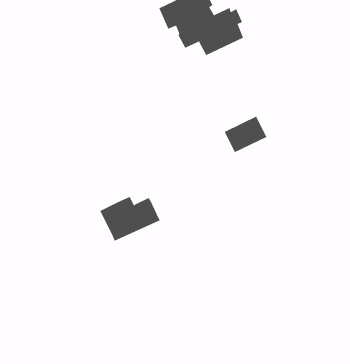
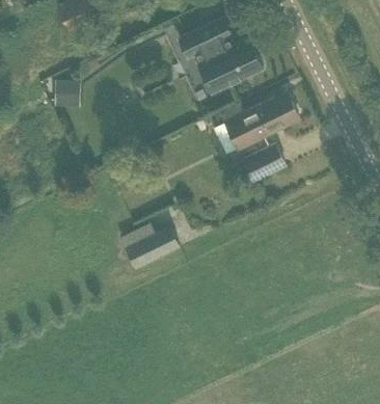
building: none -> [53,81,78,108]
building: none -> [212,93,297,155]

